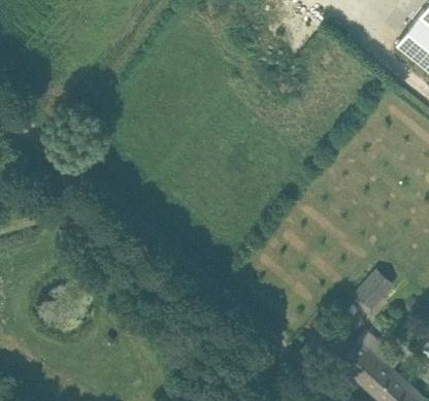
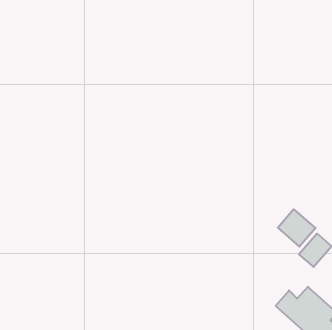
building: none -> [278,209,316,247]

